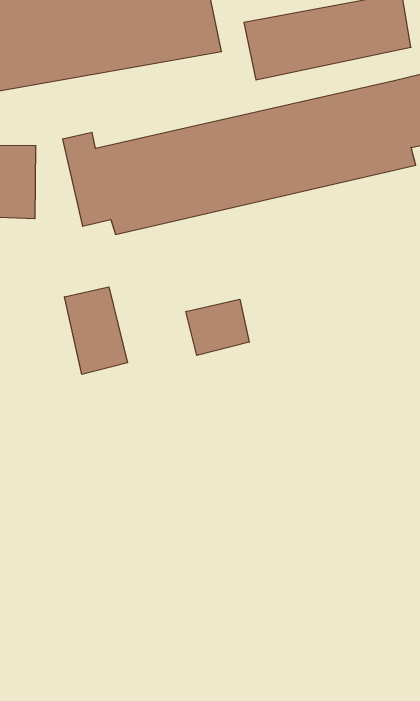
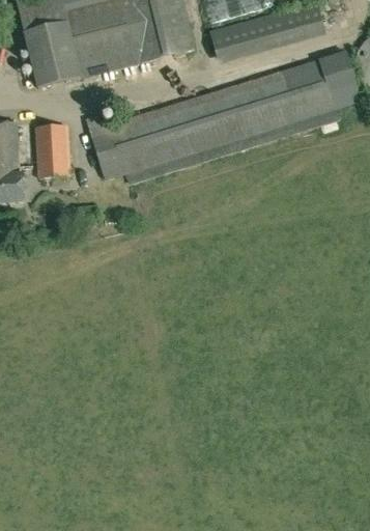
building: [64,287,127,374] -> none
building: [186,299,249,355] -> none

